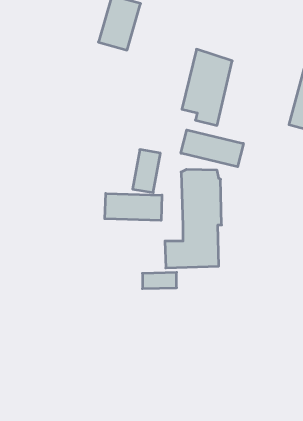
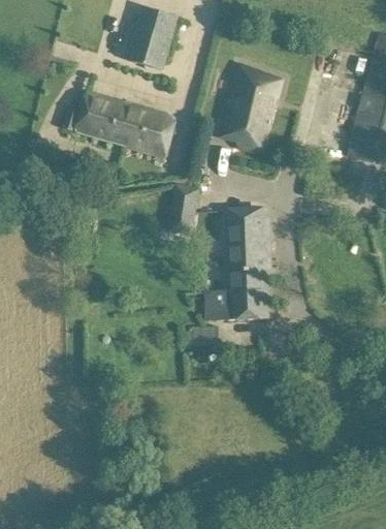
building: none -> [62,92,166,157]
building: [181,130,243,167] -> none
building: [105,193,162,220] -> none

